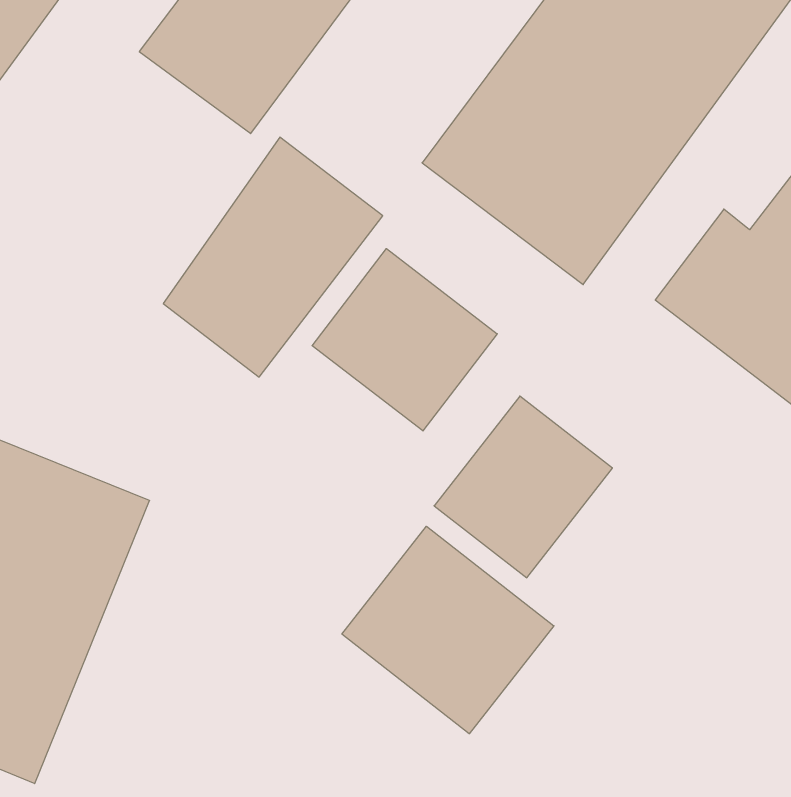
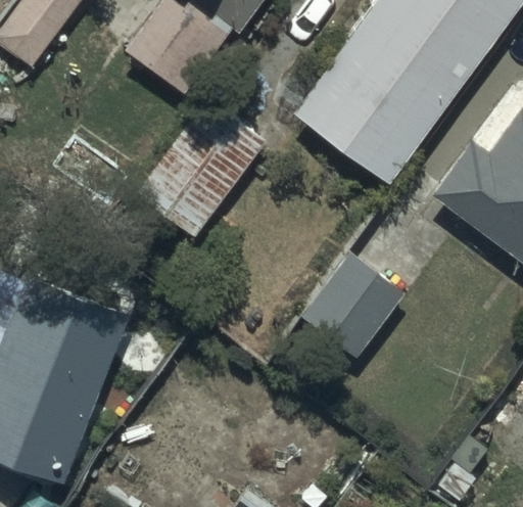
building: [312,249,497,431] -> none
building: [342,526,554,734] -> none

